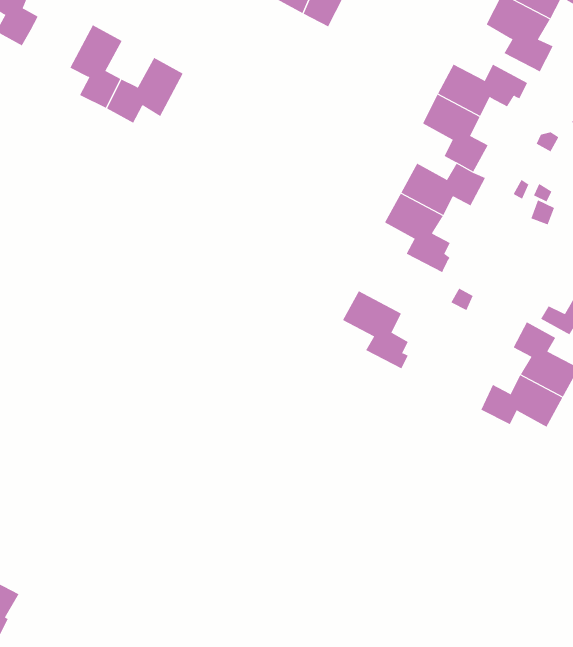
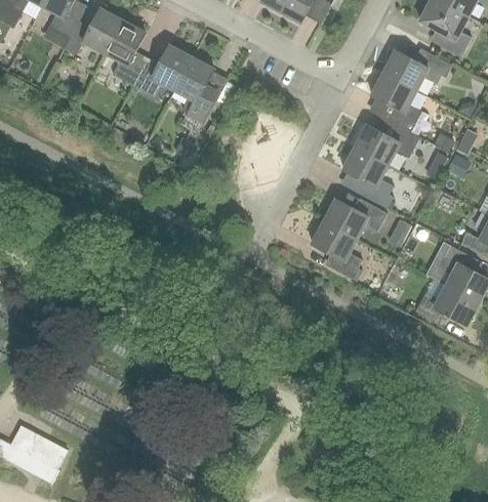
building: none -> [64,8,122,54]
building: none -> [173,57,213,122]
building: none -> [323,199,387,239]

